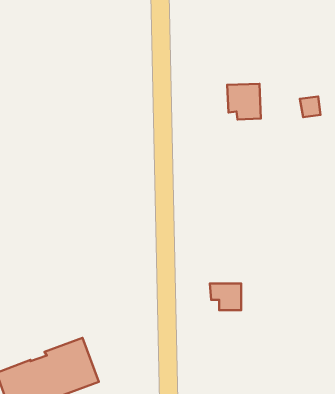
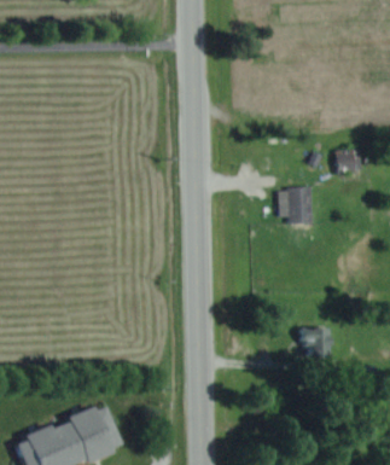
building: [227,84,261,120] -> [277,187,312,225]
building: [210,284,241,310] -> [297,329,330,356]

